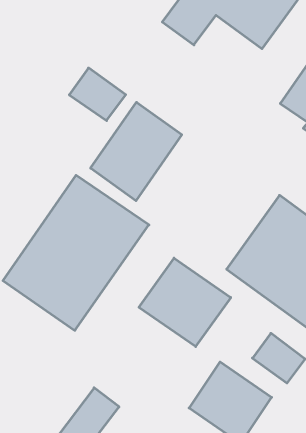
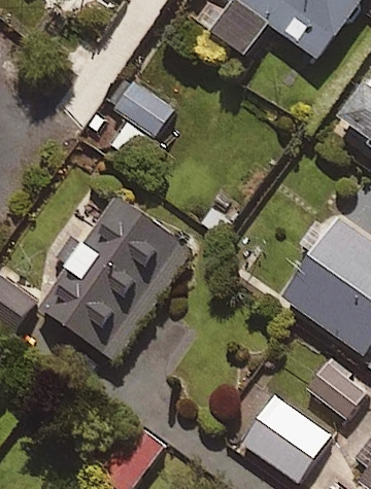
building: [91,102,182,201] -> none
building: [139,258,231,347] -> none

